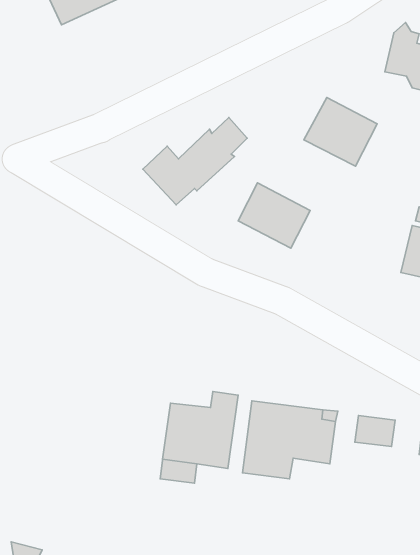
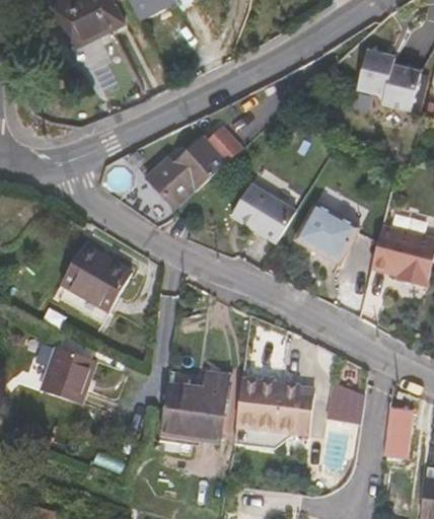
building: [304,97,377,166] -> [294,200,359,261]
building: none -> [60,243,133,322]
building: none -> [42,346,95,401]

